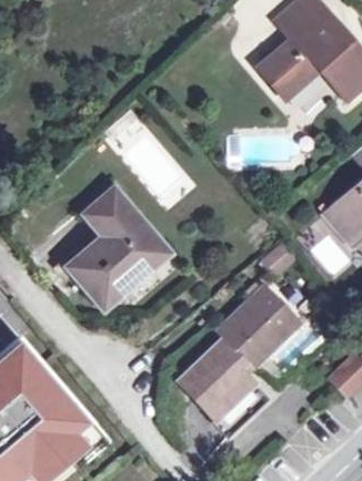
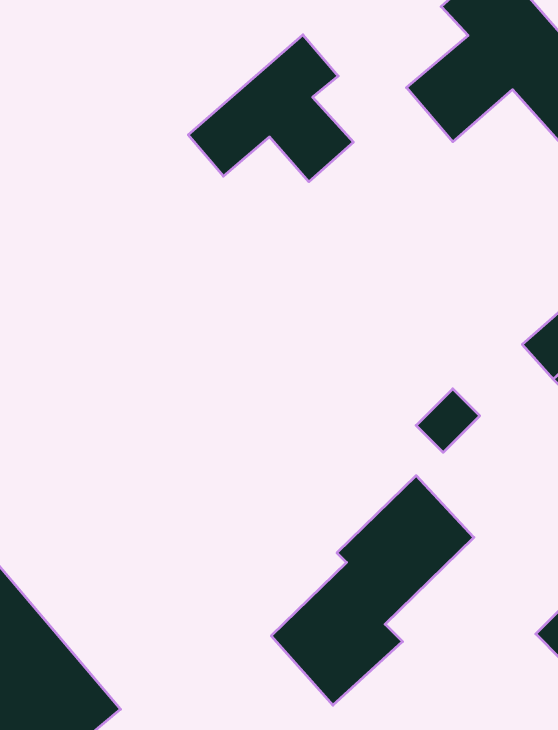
building: none -> [188,35,353,182]
building: [68,190,167,308] -> none

